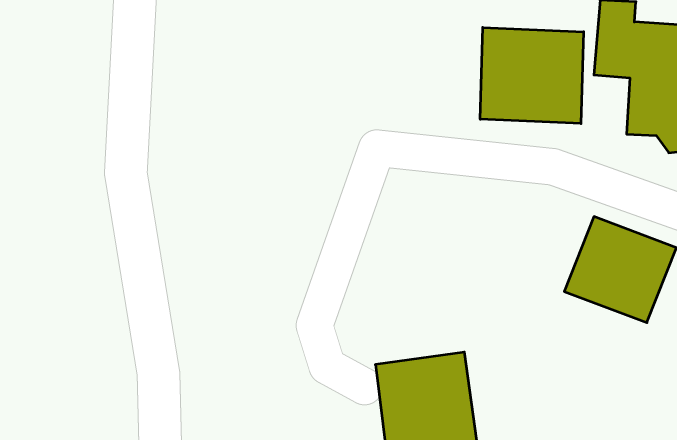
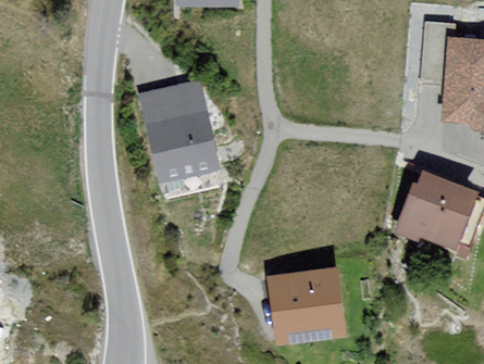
building: [480,27,584,124] -> none
building: none -> [136,80,229,192]

